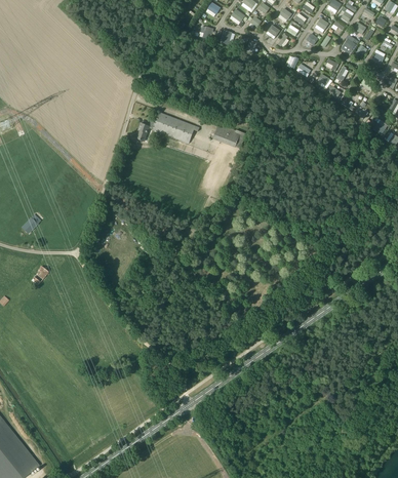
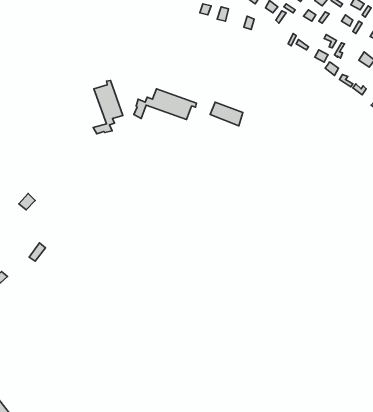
building: none -> [93,81,123,134]

